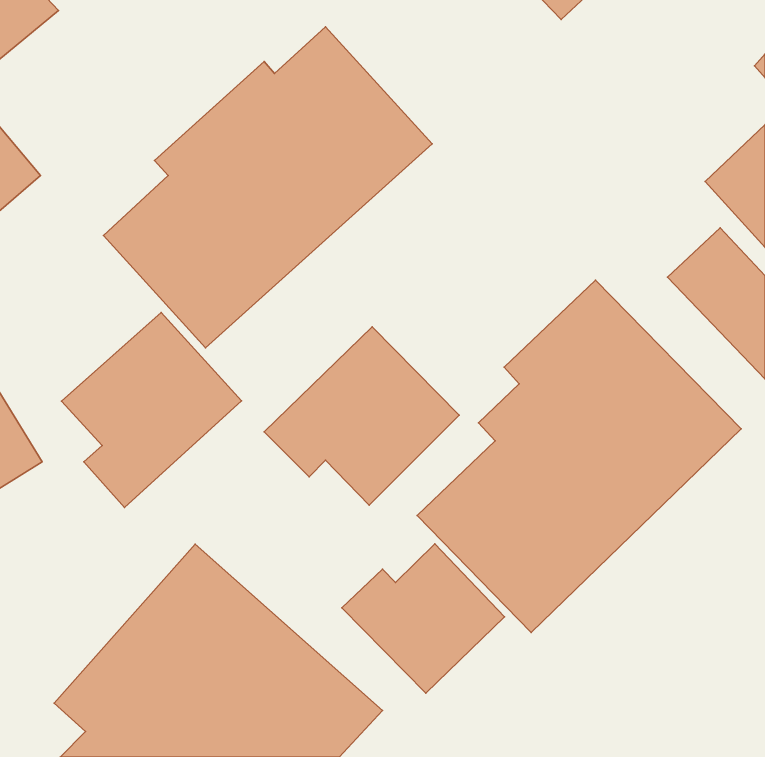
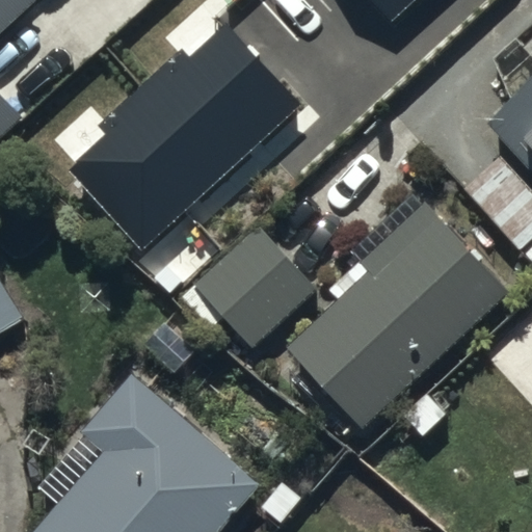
building: [61,312,241,508] -> none
building: [342,544,504,693] -> none

